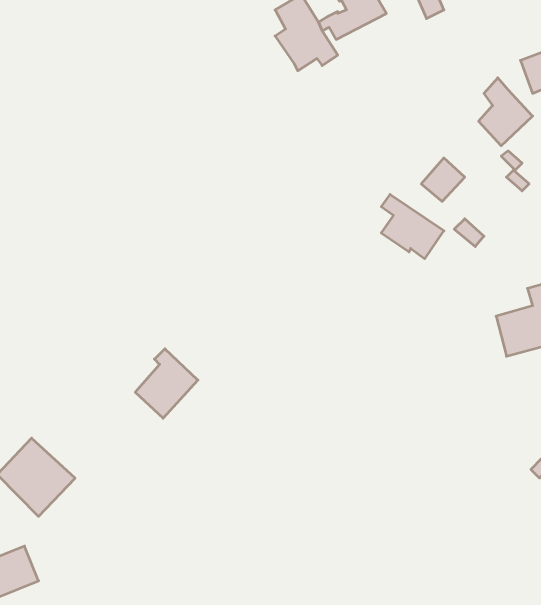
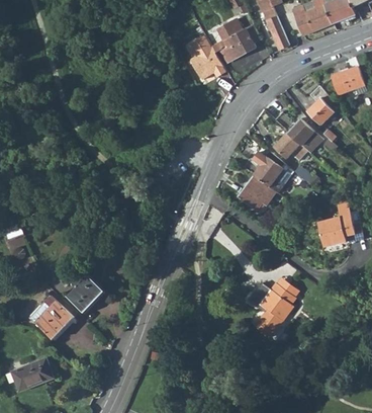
building: none -> [276,115,321,152]
building: none -> [236,175,274,211]
building: [135,349,198,418] -> [67,272,103,313]
building: none -> [256,284,297,338]

